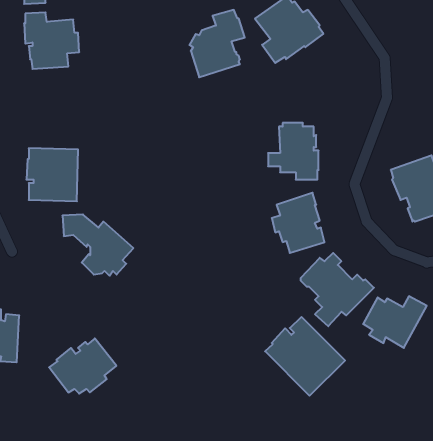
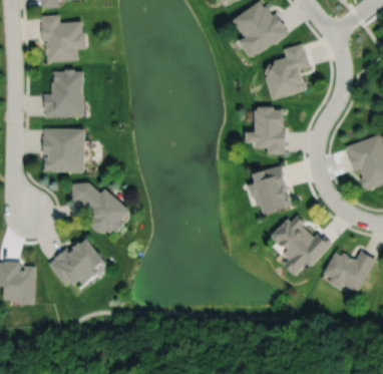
building: [189,10,245,77] -> [265,44,311,100]
building: none -> [44,69,84,117]
building: [265,317,345,396] -> none
building: [49,338,116,394] -> [49,241,105,287]

